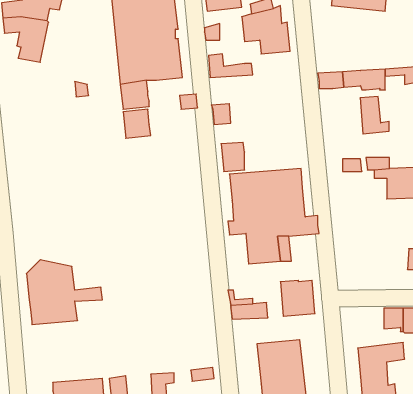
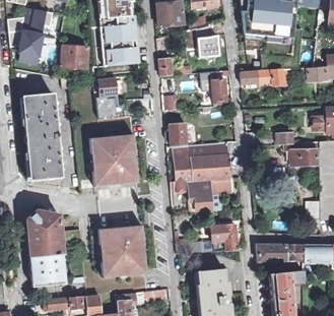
building: none -> [62,47,88,70]
building: [360,97,389,134] -> [212,79,233,107]
building: none -> [23,94,62,181]
building: none -> [90,134,138,186]
building: none -> [98,225,146,276]
building: none -> [258,244,289,268]
building: none -> [30,254,66,286]

